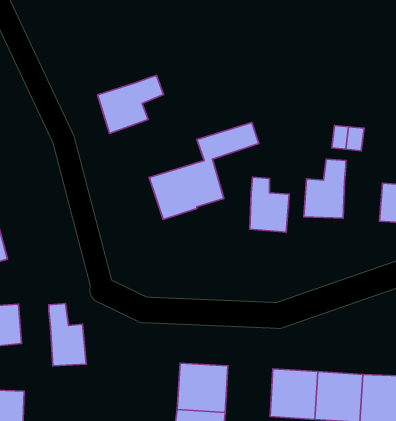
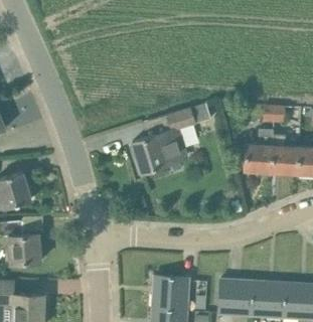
building: [97,75,163,133] -> none
building: [250,177,289,232] -> [271,134,299,173]
building: [49,303,86,366] -> none

